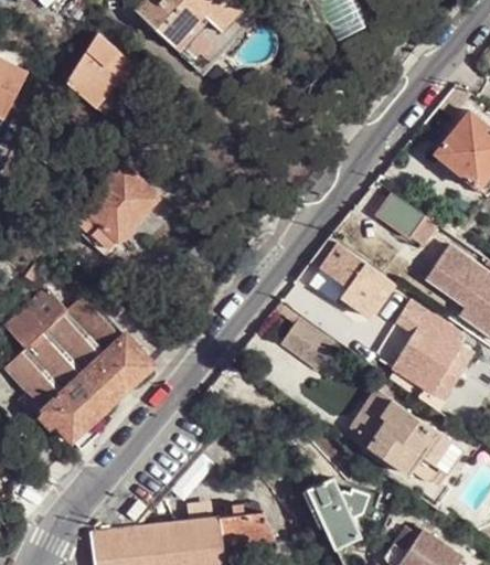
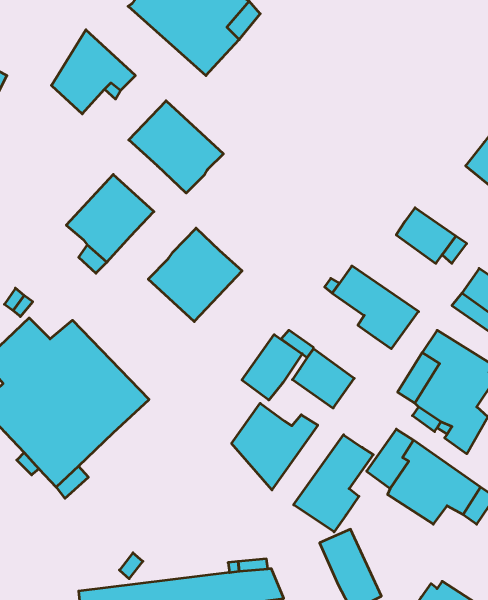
building: none -> [129,101,223,193]
building: none -> [148,228,242,322]
building: none -> [242,335,302,400]
building: none -> [232,403,318,490]
building: none -> [294,435,373,532]

